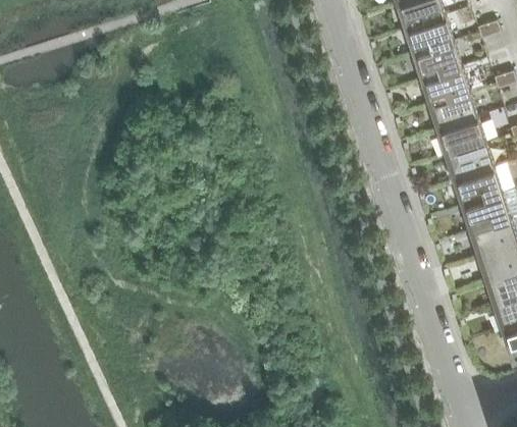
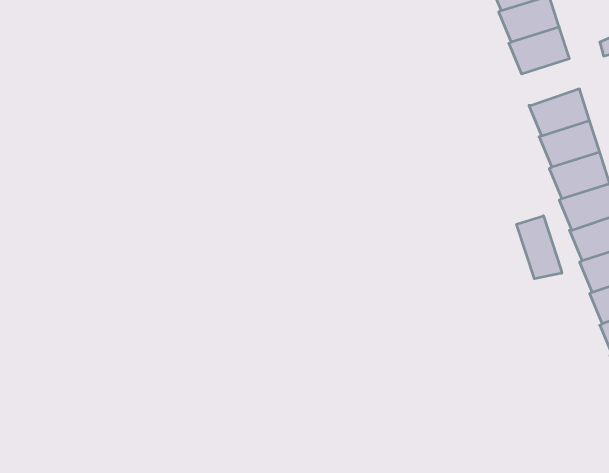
building: [428,90,477,127] -> none
building: none -> [517,216,562,279]

